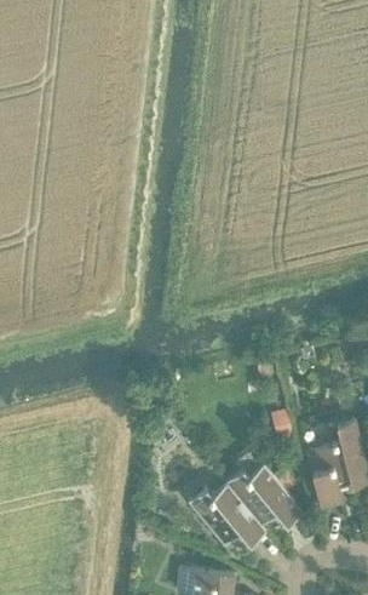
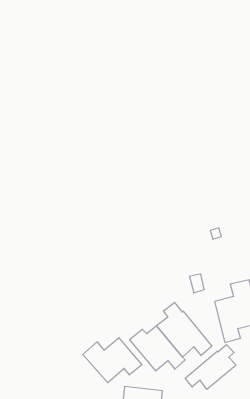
building: none -> [83,338,142,383]
building: none -> [185,345,236,389]

